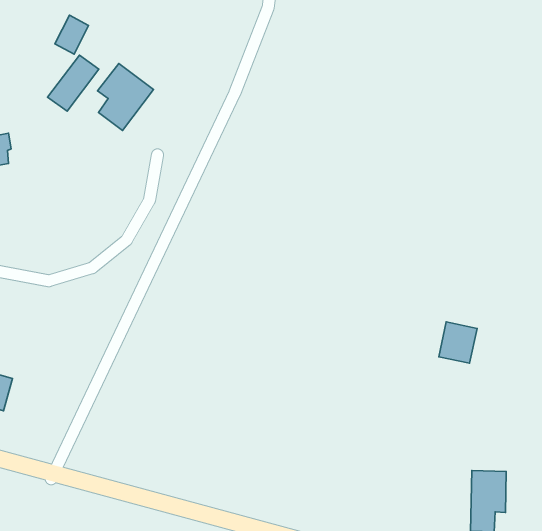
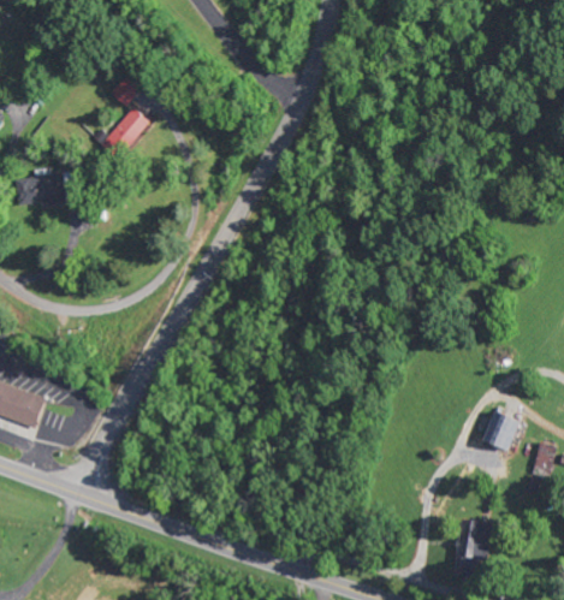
building: [97,64,153,130] -> none
building: [439,322,477,363] -> [481,410,518,450]

